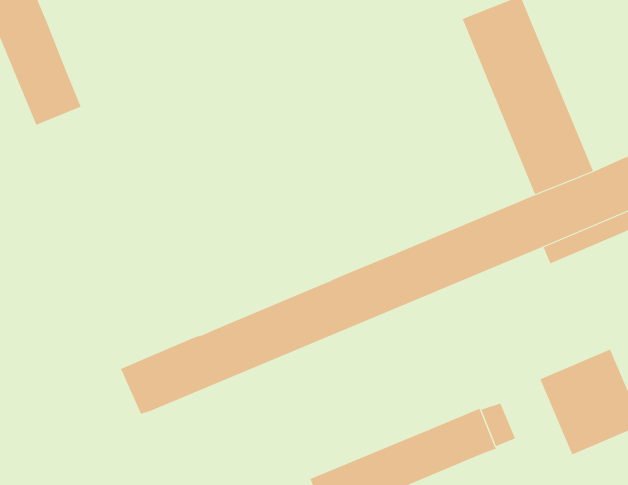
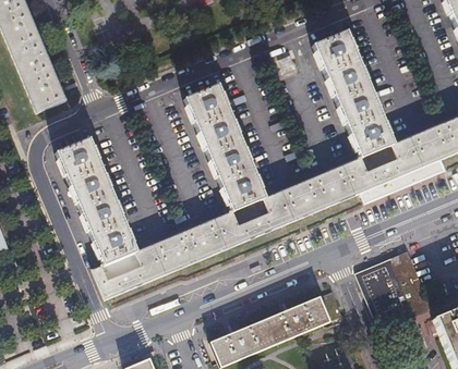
building: none -> [182,82,267,210]
building: none -> [53,136,138,265]

